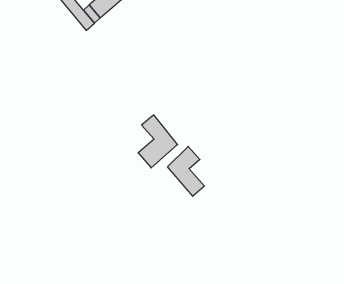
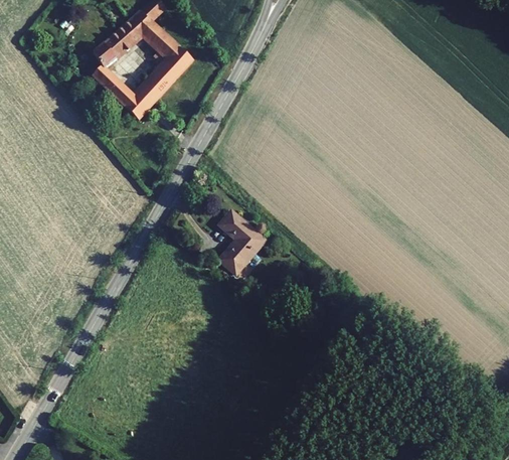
building: [168,146,204,196] -> none

